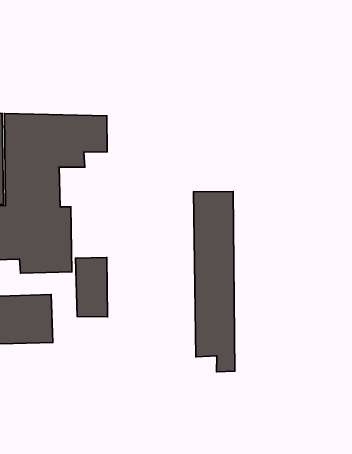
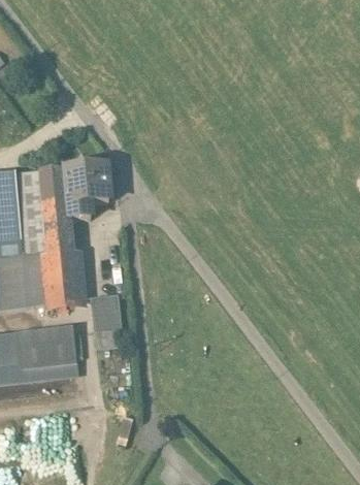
building: [193,191,235,372] -> none

